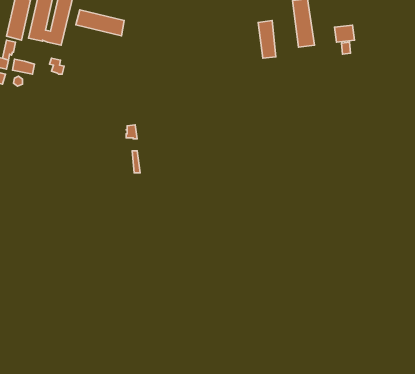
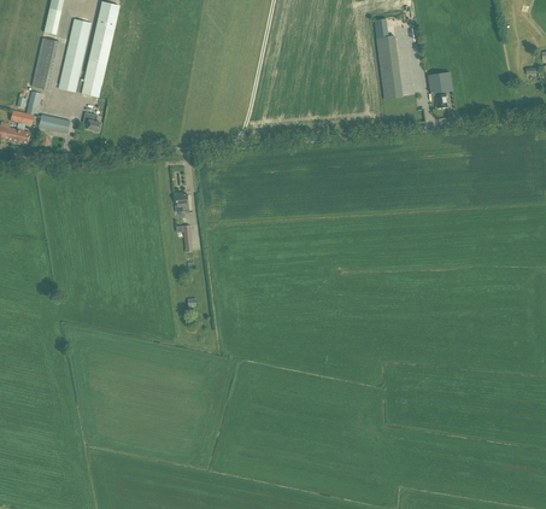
building: [76,10,124,36] -> none
building: [258,21,276,58] -> none

